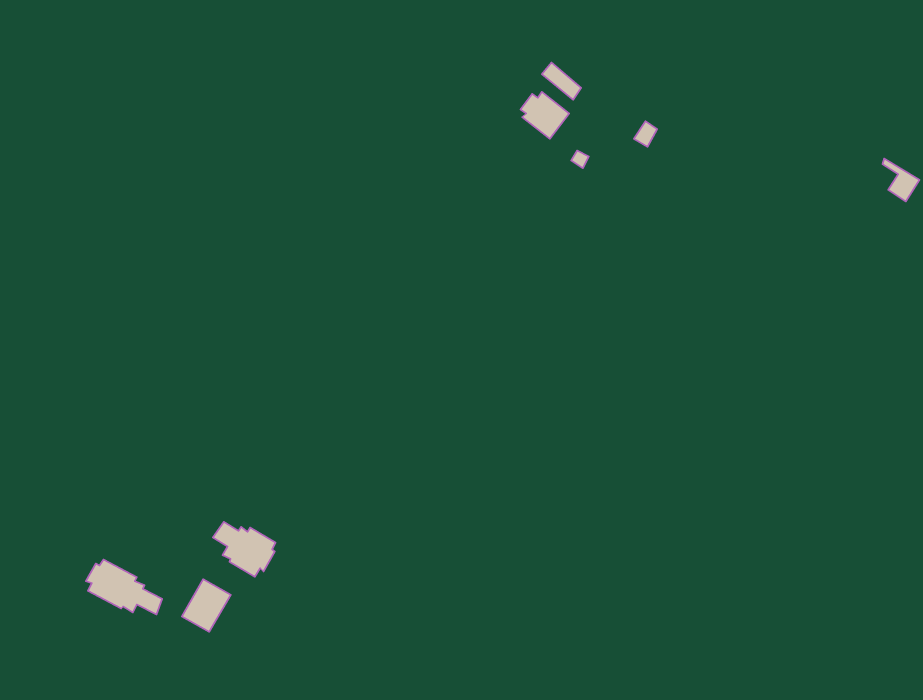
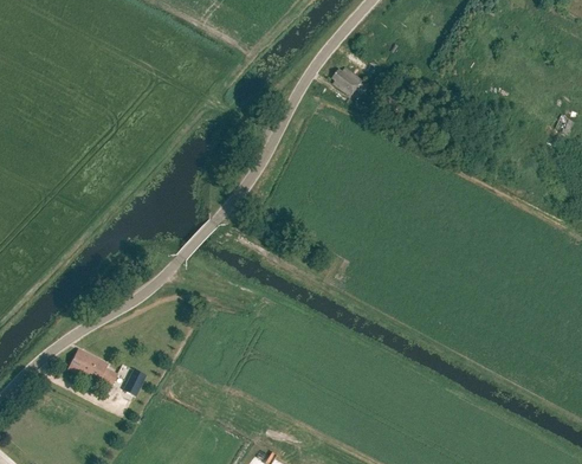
building: [213,522,276,577] -> none

